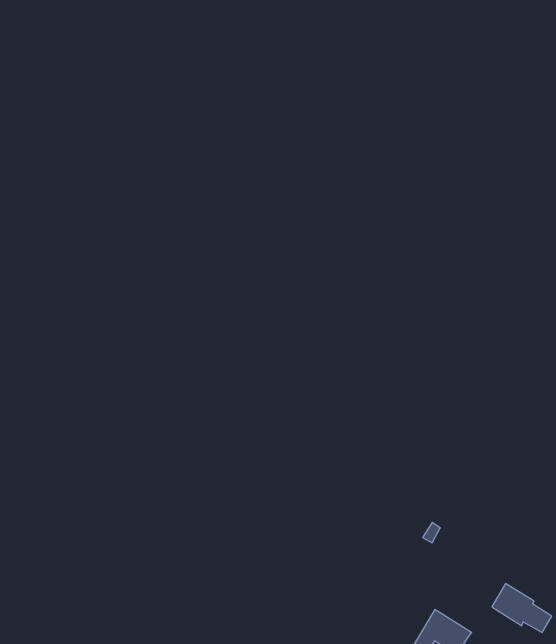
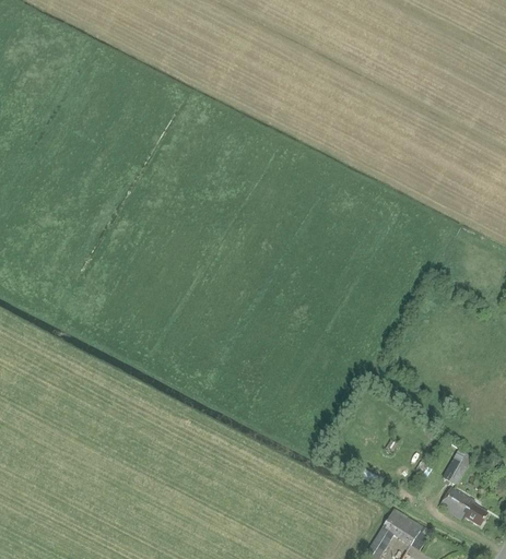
building: none -> [444,451,473,486]

